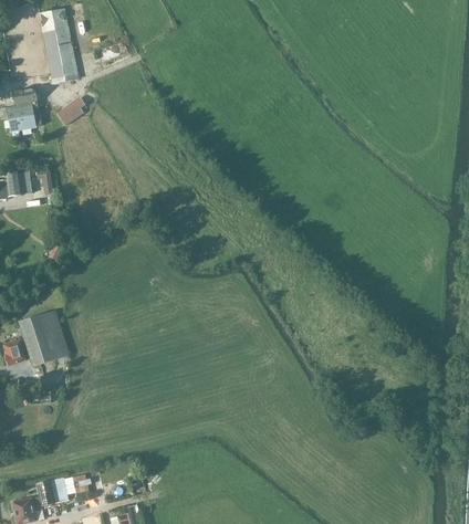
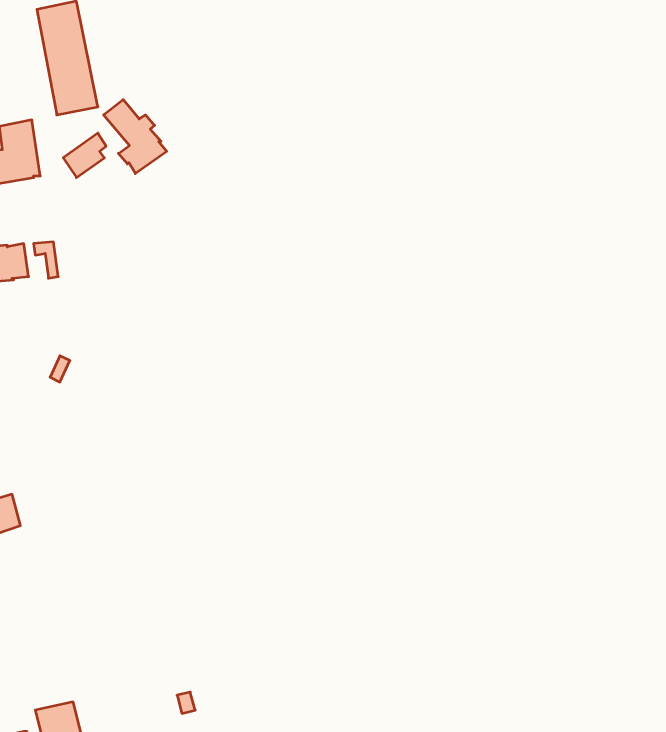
building: none -> [104,100,167,174]
building: [18,310,69,366] -> none

